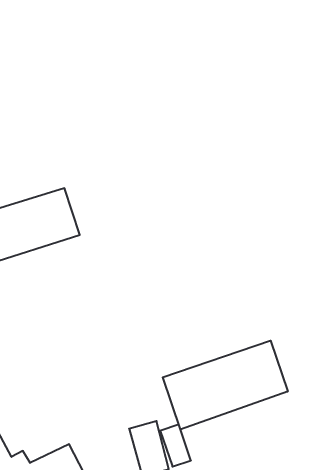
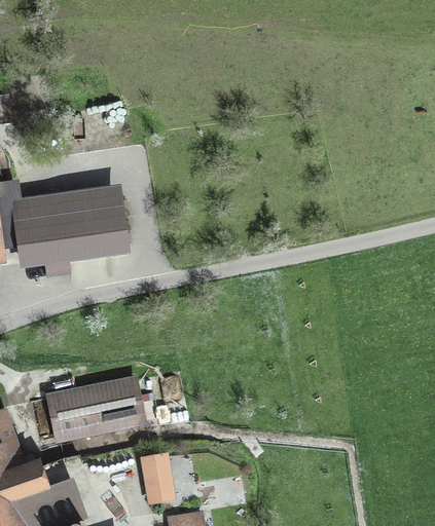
building: [163,341,288,429] -> none
building: none -> [50,380,141,439]

